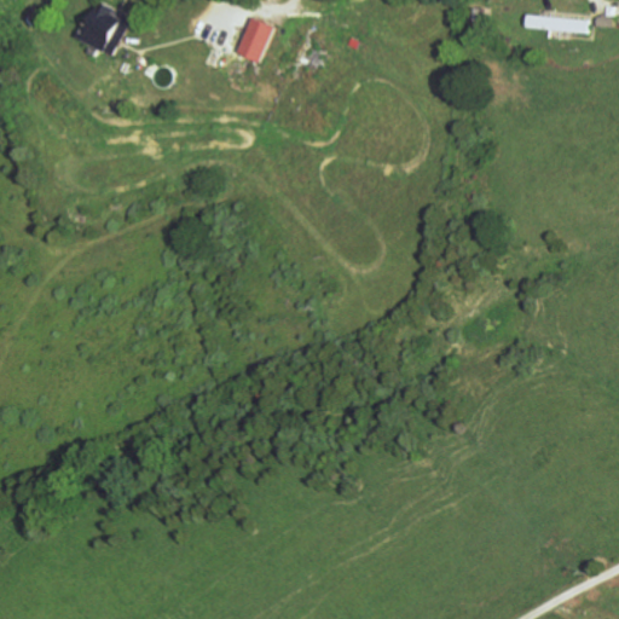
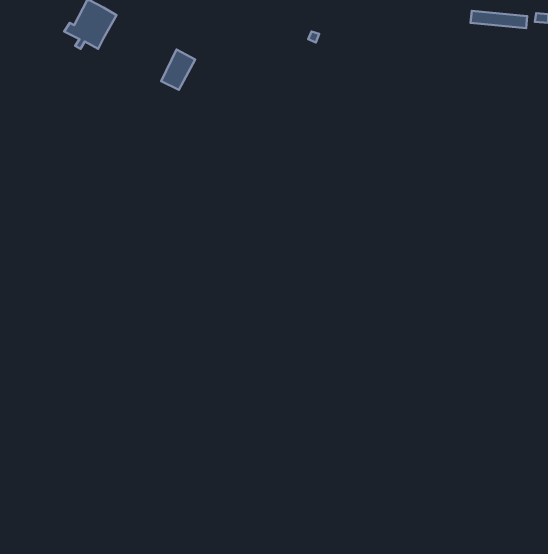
building: [235,17,272,62] -> [161,50,195,90]

